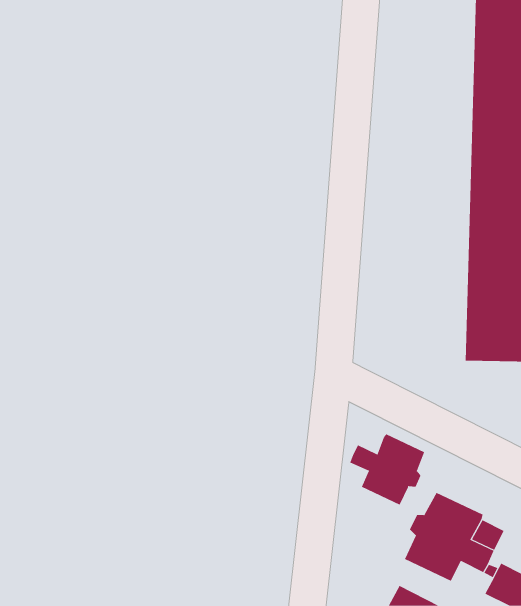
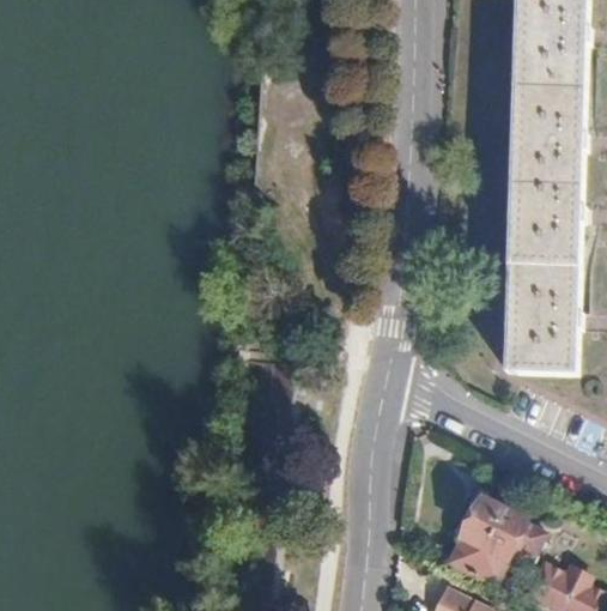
building: [350,434,425,506] -> none

